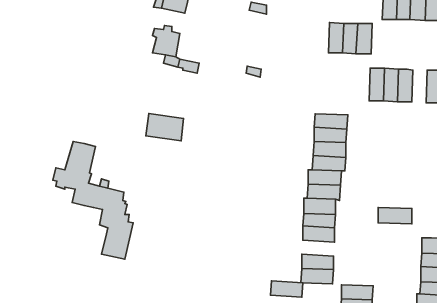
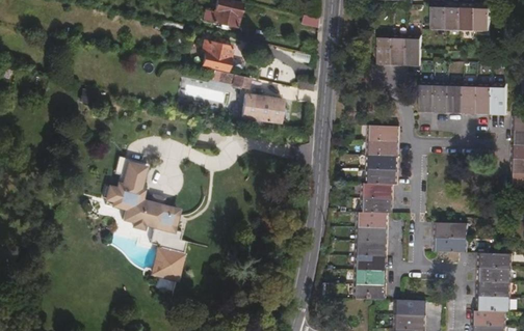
building: none -> [466,83,481,116]
building: [146,114,183,141] -> [240,93,279,121]
building: none -> [430,239,466,254]
building: [270,281,303,297] -> [353,256,387,273]

